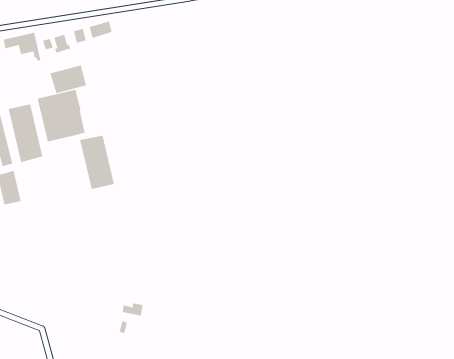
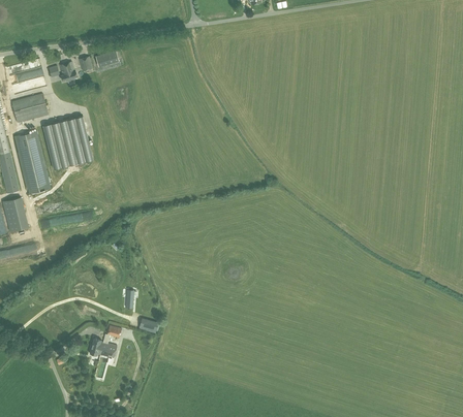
building: [49,65,87,94] -> [10,94,48,123]
building: [80,135,114,190] -> none
building: none -> [89,325,121,359]

